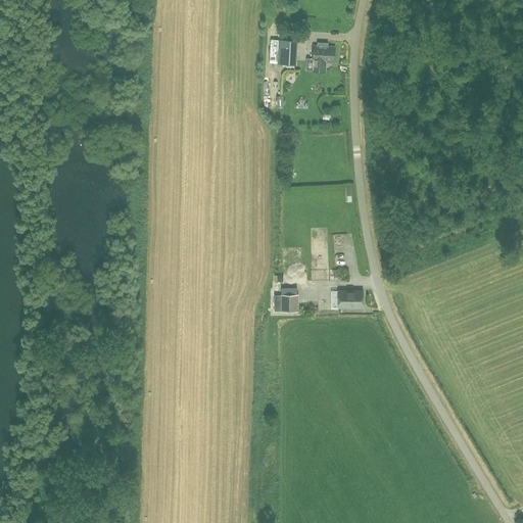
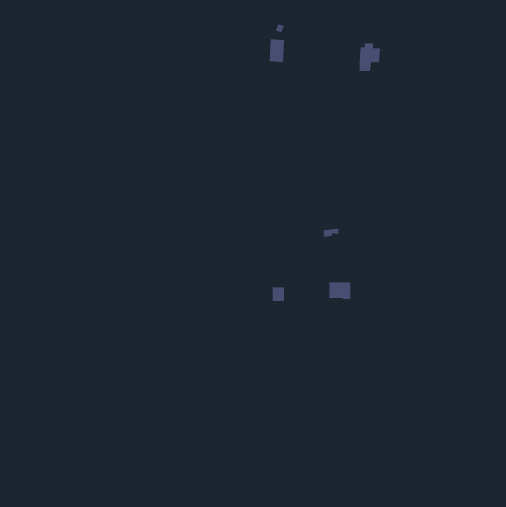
building: [312,42,334,72] -> [359,43,381,72]

